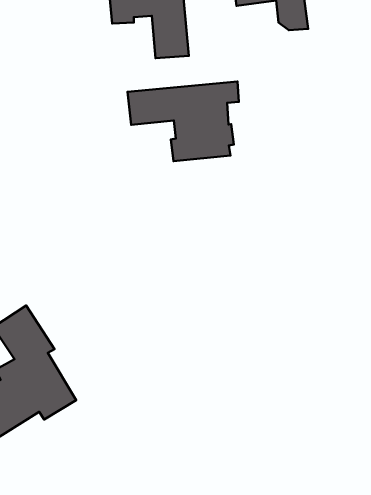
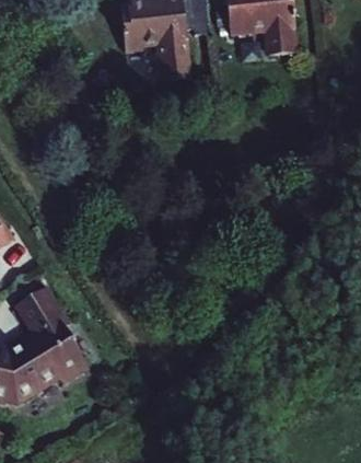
building: [127,81,239,161] -> none

